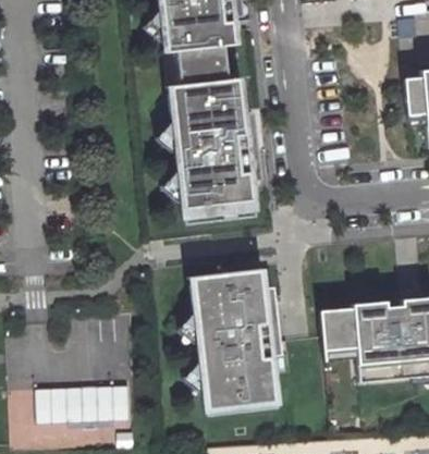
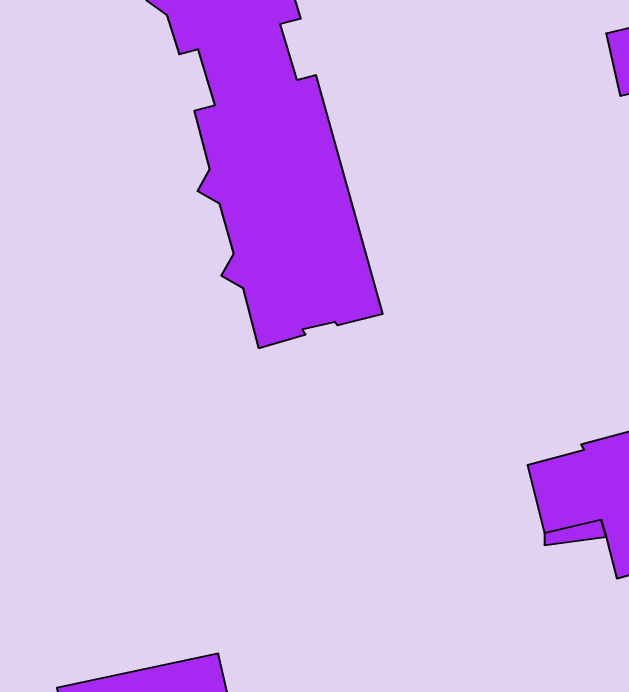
building: [183,266,274,410] -> none

